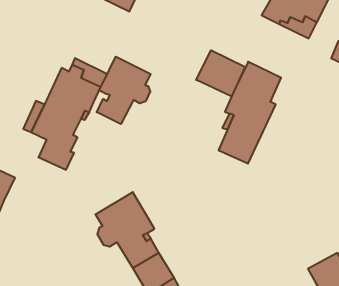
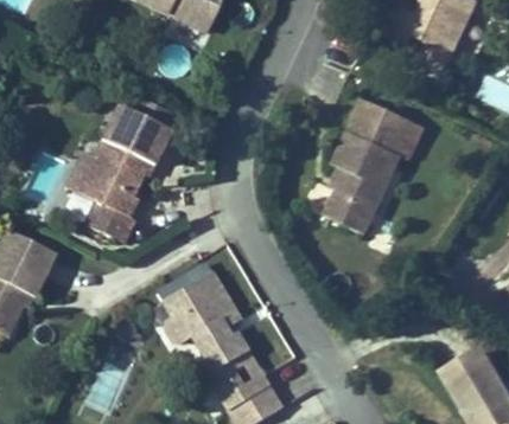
building: [196,50,245,96] -> none
building: [97,57,151,124] -> none

